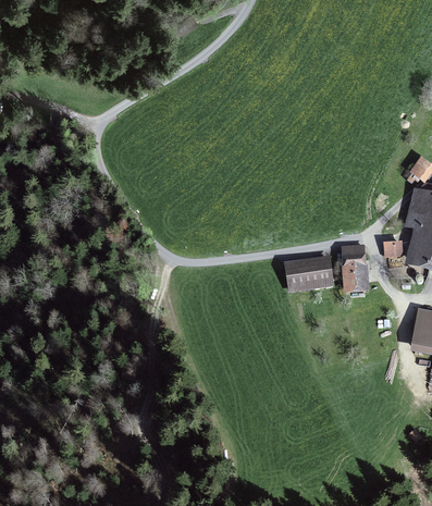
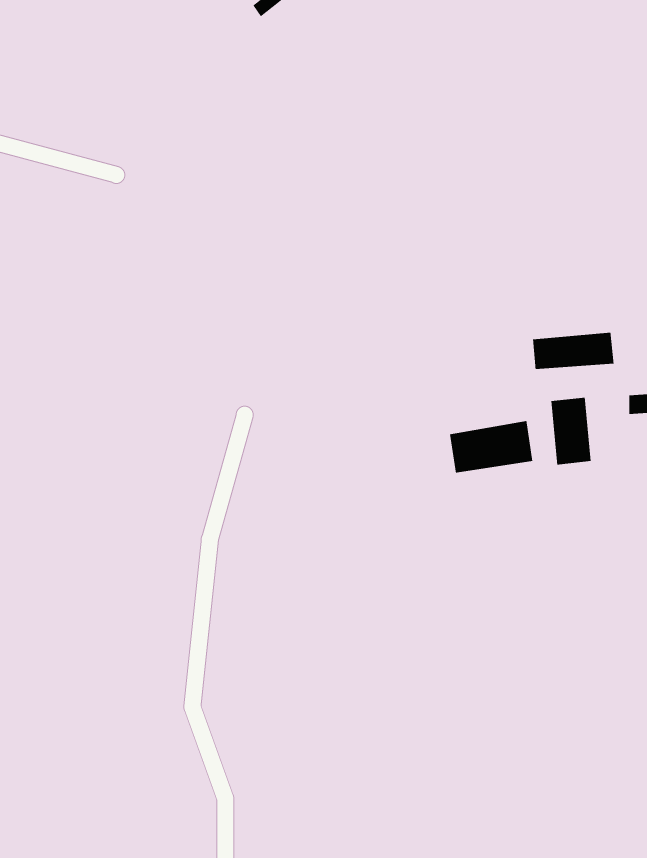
building: none -> [532,332,614,370]

